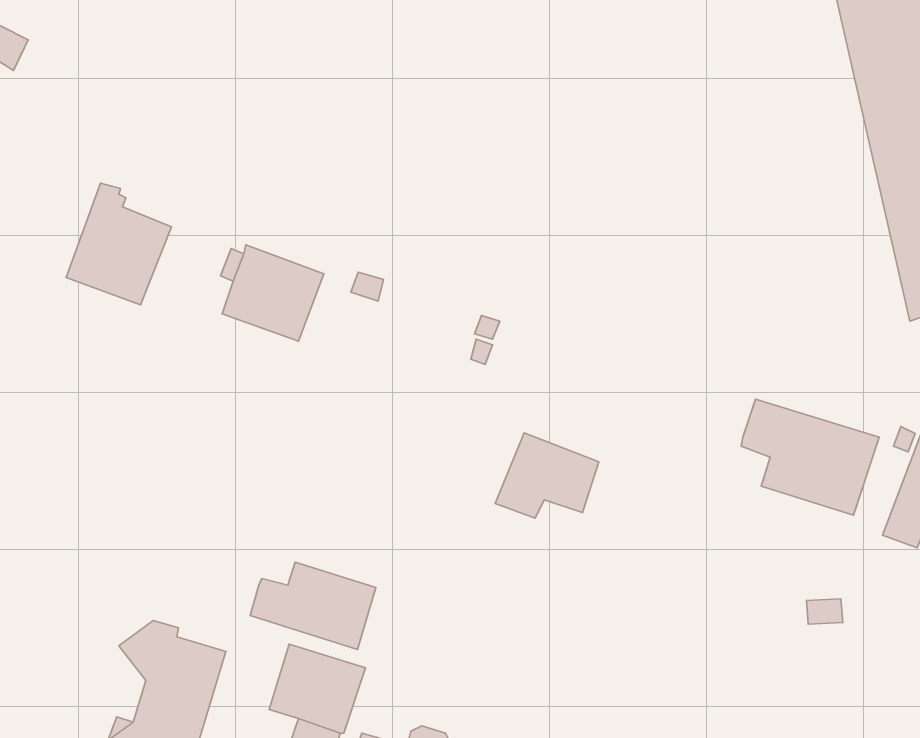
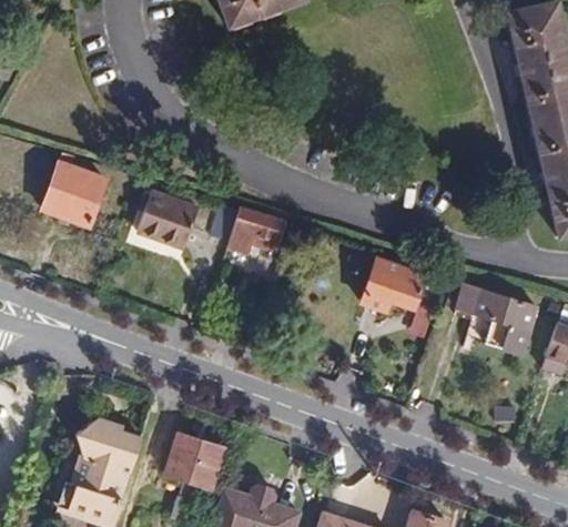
building: none -> [227,205,286,255]
building: [495,433,599,518] -> [362,259,425,311]
building: [250,562,376,649] -> none

